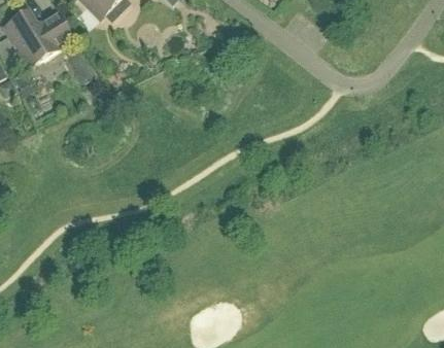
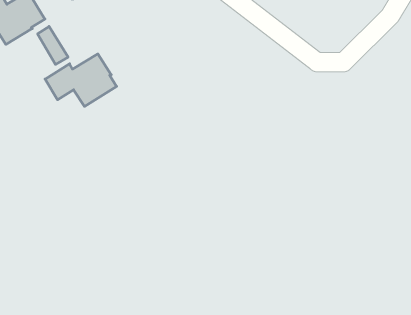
building: none -> [45,54,117,106]

